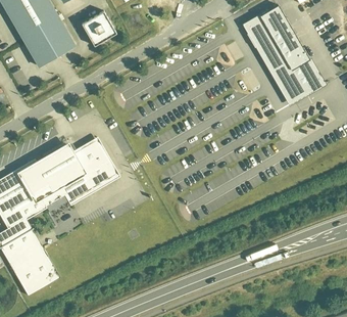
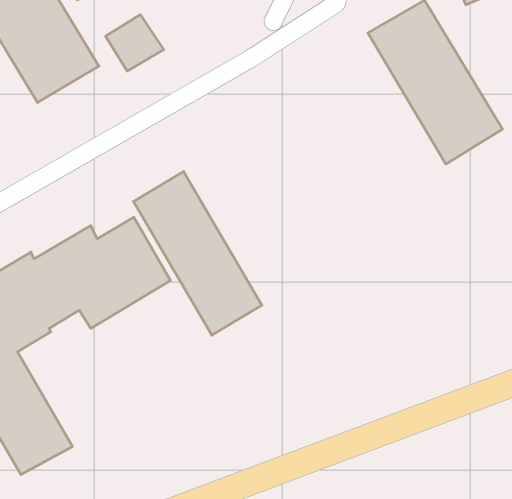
building: none -> [133,171,262,335]

